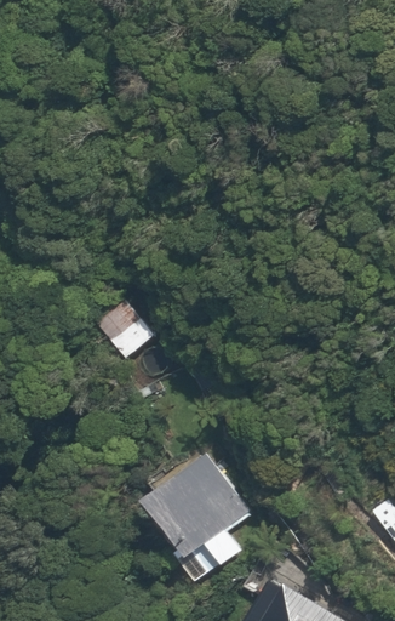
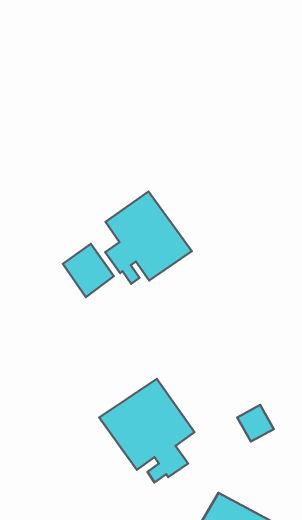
building: none -> [105,192,192,284]

